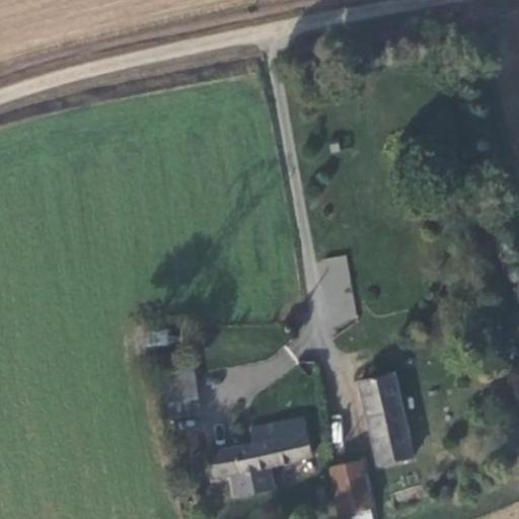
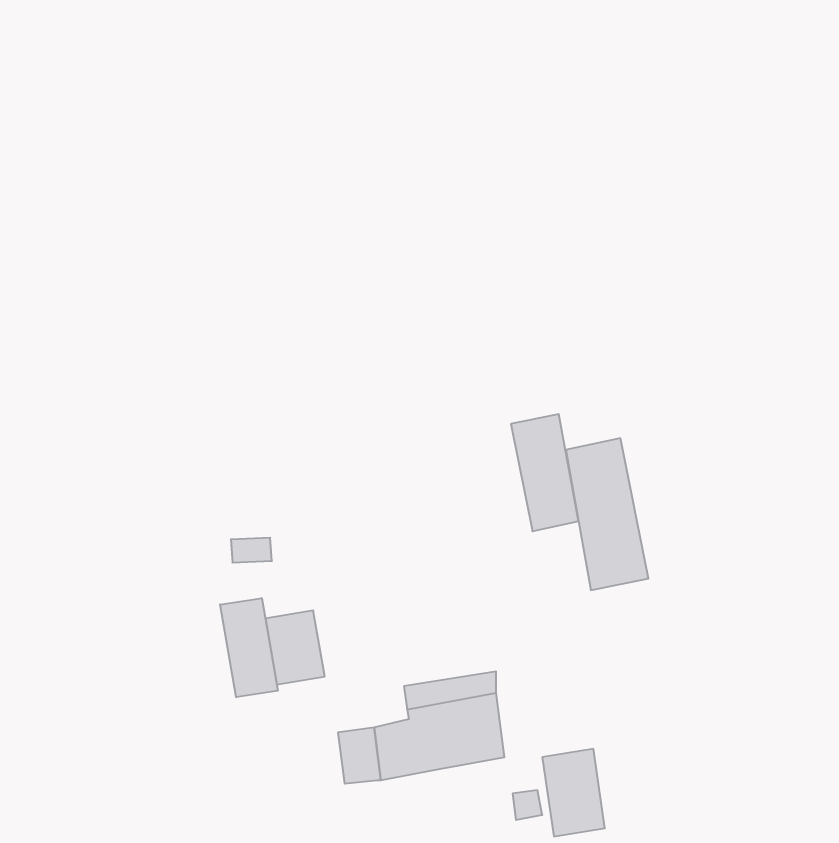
building: none -> [220,598,278,697]
building: [361,374,412,467] -> [566,438,648,590]
building: [232,472,274,501] -> none

